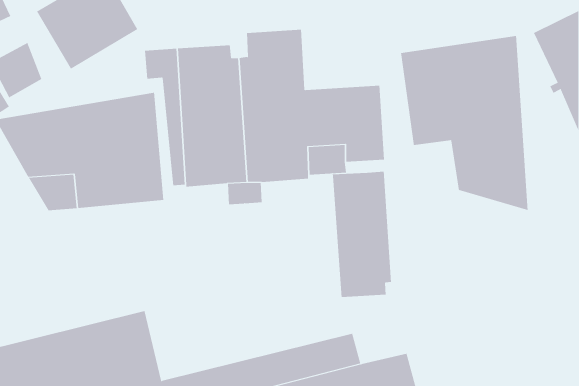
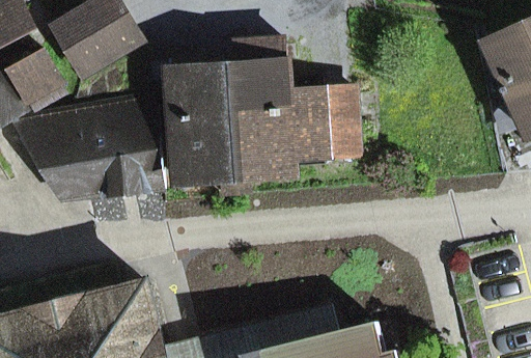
building: [400,35,528,211] -> none
building: [332,171,391,298] -> none

